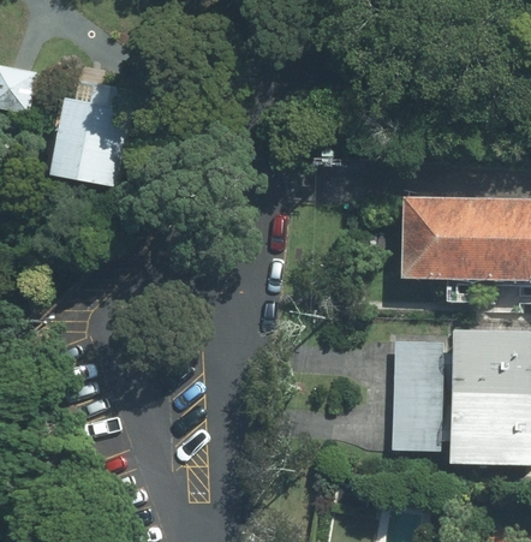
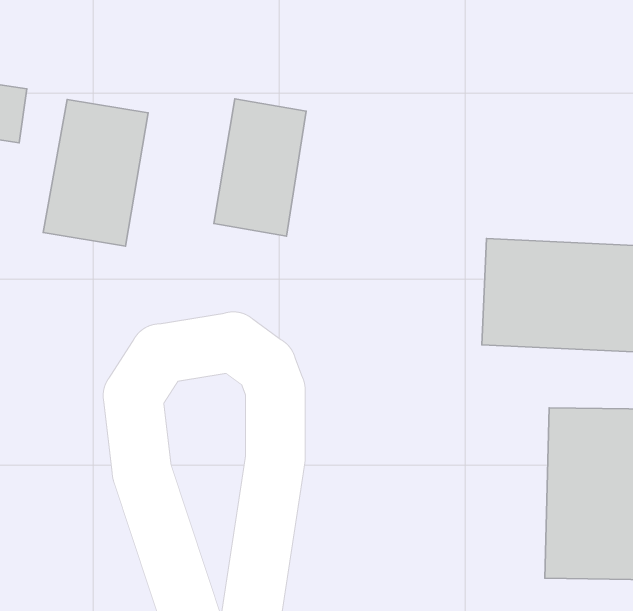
building: none -> [214,99,306,236]
building: [388,336,443,449] -> none

